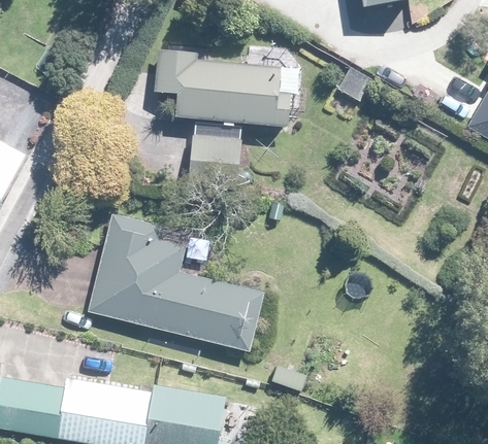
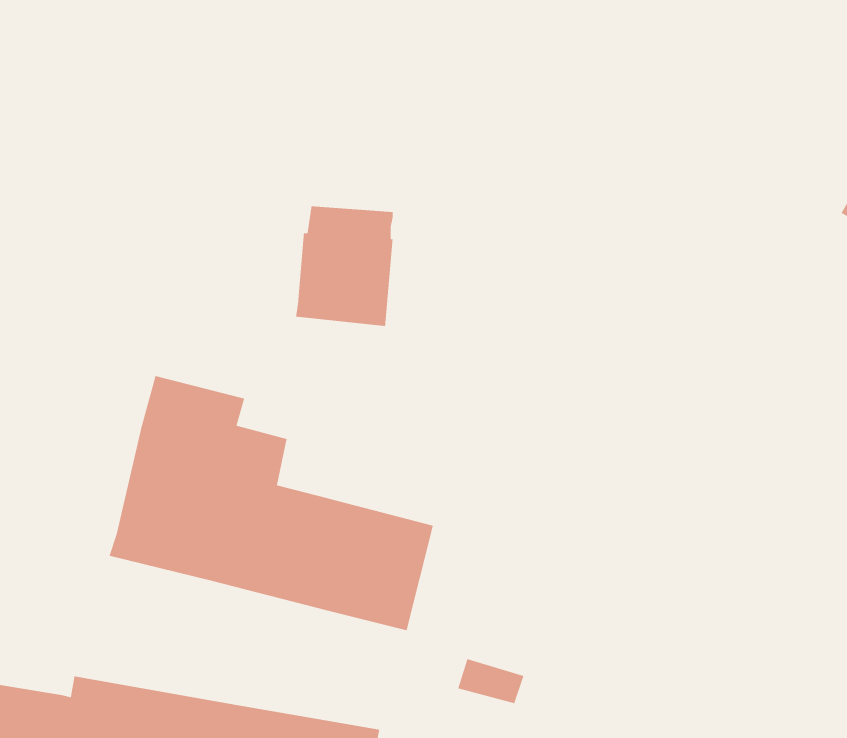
building: [154,52,290,127] -> none

